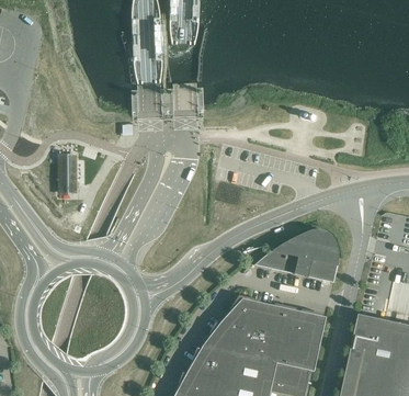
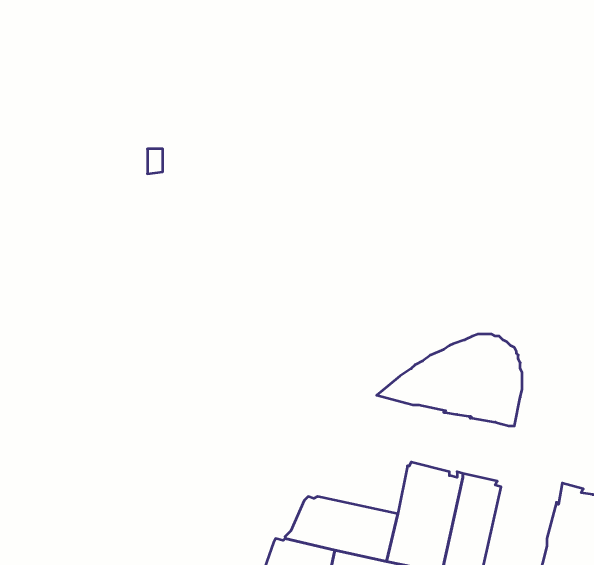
building: [59,162,75,191] -> none
building: [220,296,272,333] -> none

